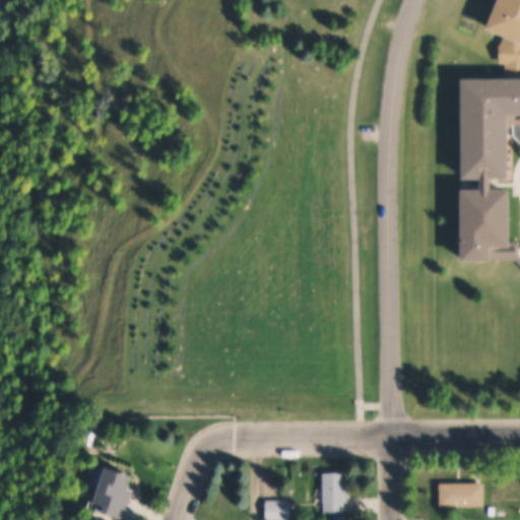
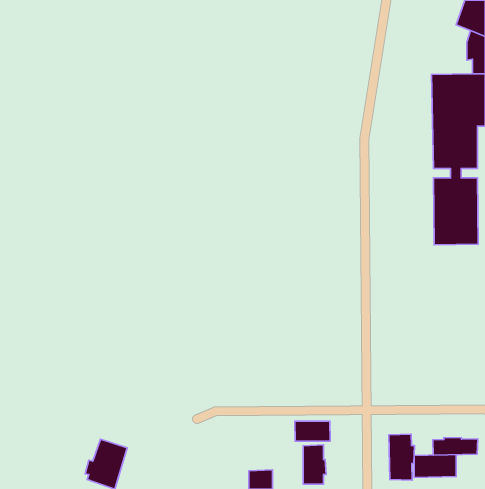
building: none -> [295,421,330,441]
building: none -> [389,434,415,480]
building: none -> [433,437,478,455]

